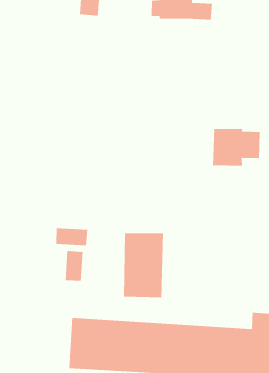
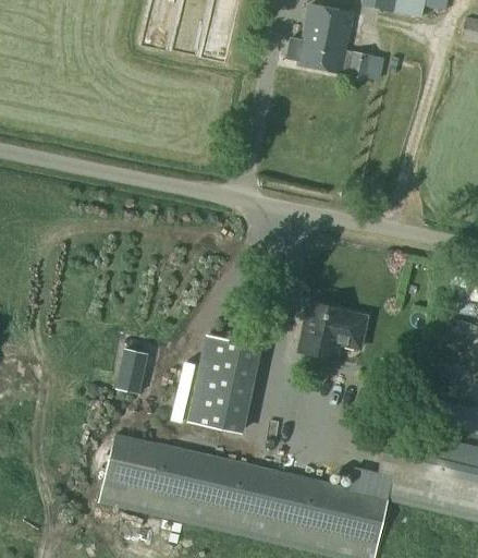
building: [212,128,260,167] -> [298,299,369,355]
building: [55,227,88,246] -> none

